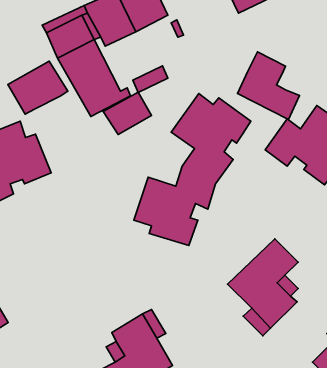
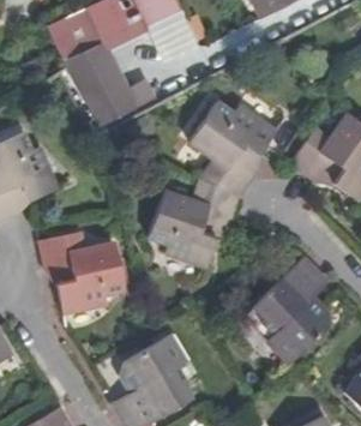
building: [237,52,300,120] -> none
building: [8,61,68,114] -> none
building: [103,92,151,135] -> none
building: none -> [40,233,122,313]

